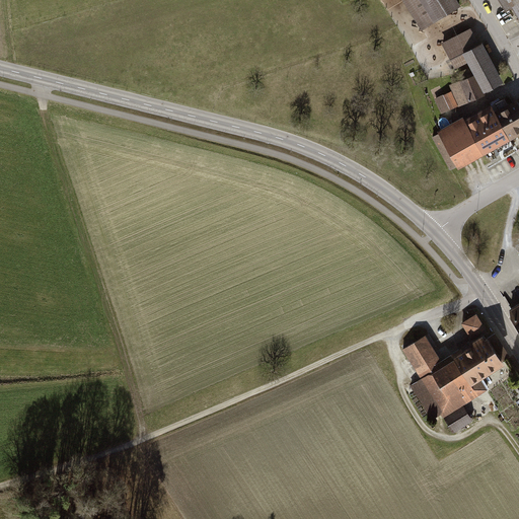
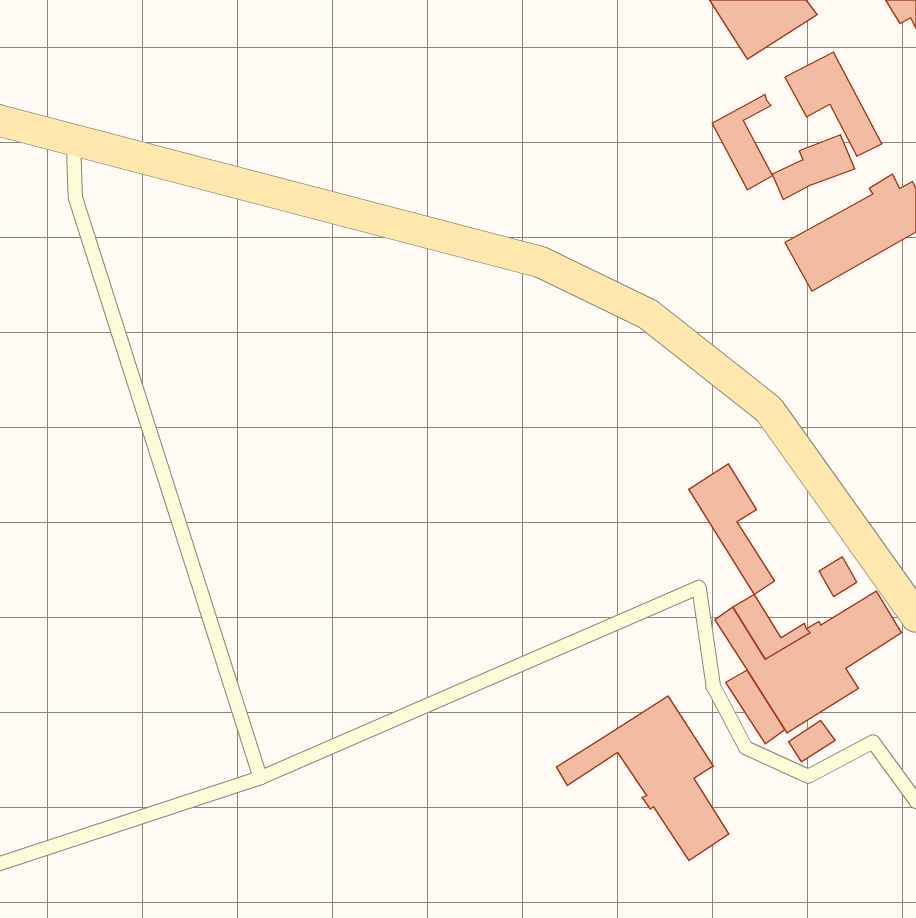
building: none -> [712,94,772,190]
building: none -> [689,464,774,595]
building: none -> [557,696,729,861]

